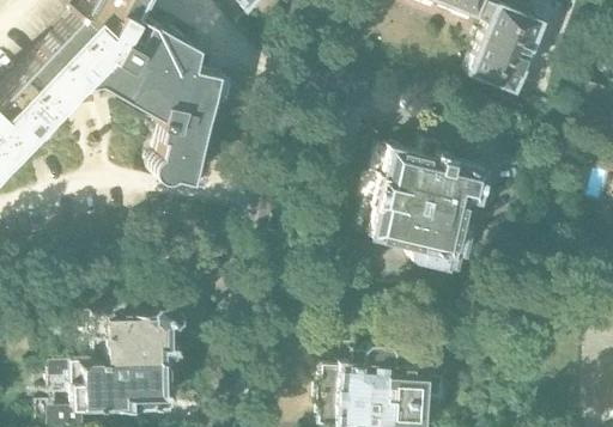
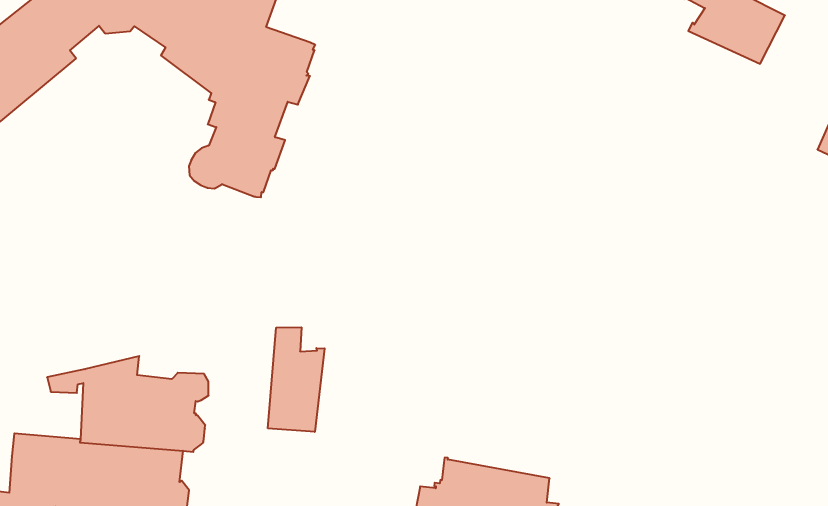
building: [468,39,532,94] -> none
building: [371,141,484,274] -> none
building: none -> [268,327,325,432]

